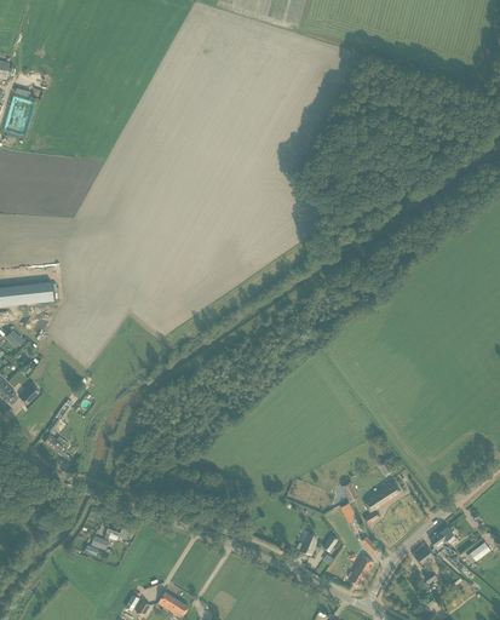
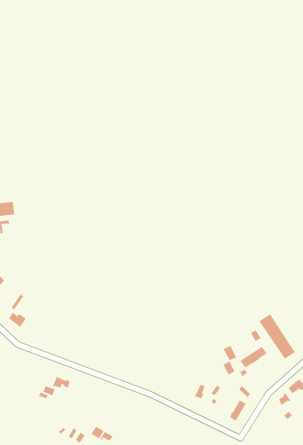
building: none -> [259,313,296,359]

